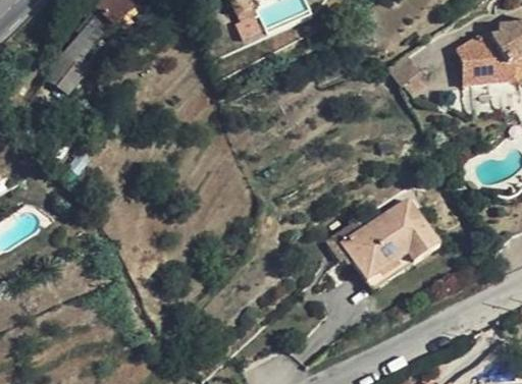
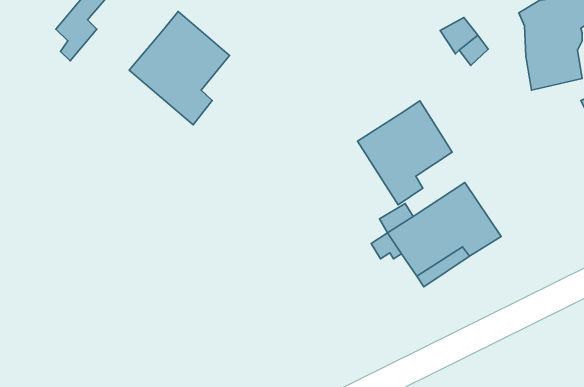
building: none -> [129,12,230,125]
building: none -> [358,101,452,205]

